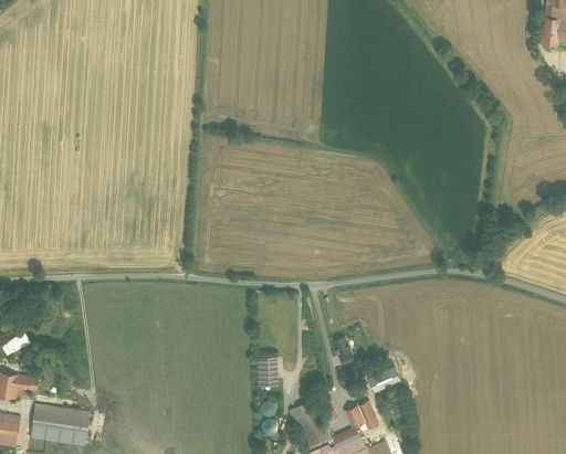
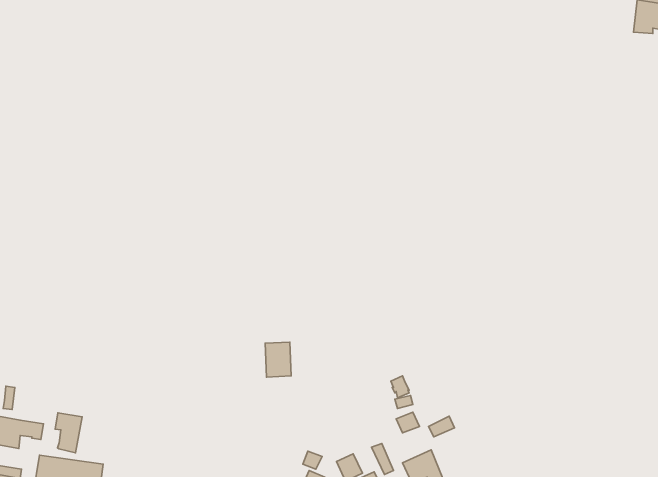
building: [256,356,279,386] -> [265,342,291,377]
building: none -> [55,413,82,453]

